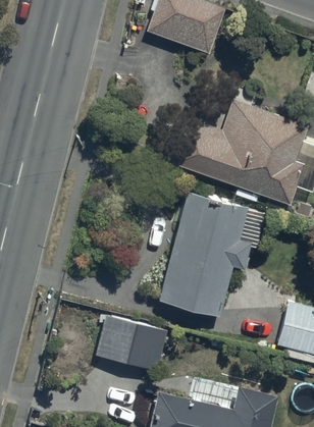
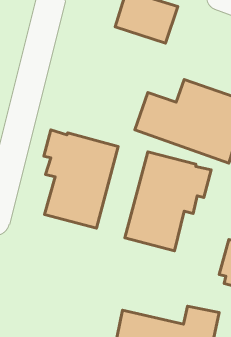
building: none -> [44,130,118,228]
building: [96,315,168,372] -> none

